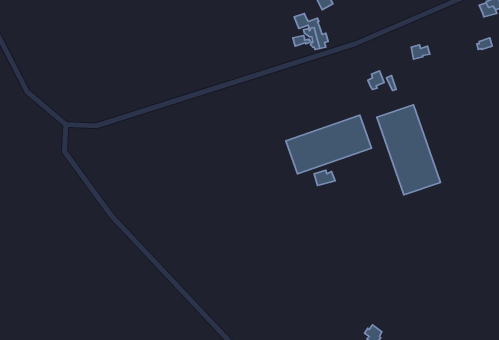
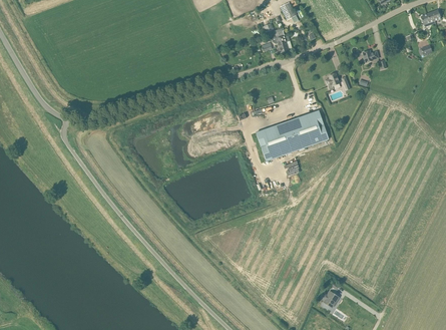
building: [377,105,441,195] -> none

